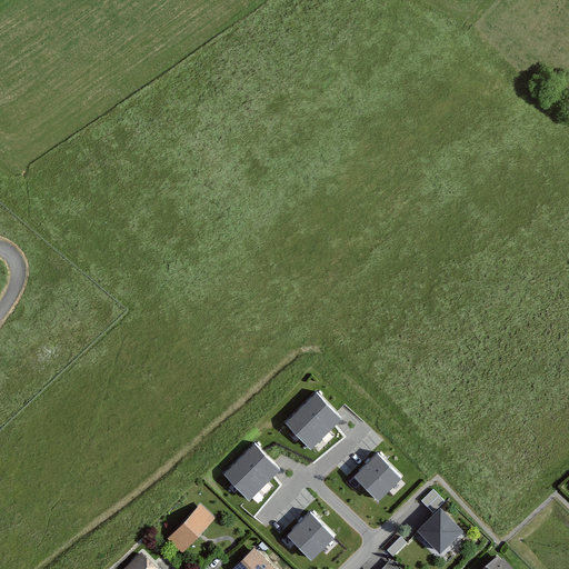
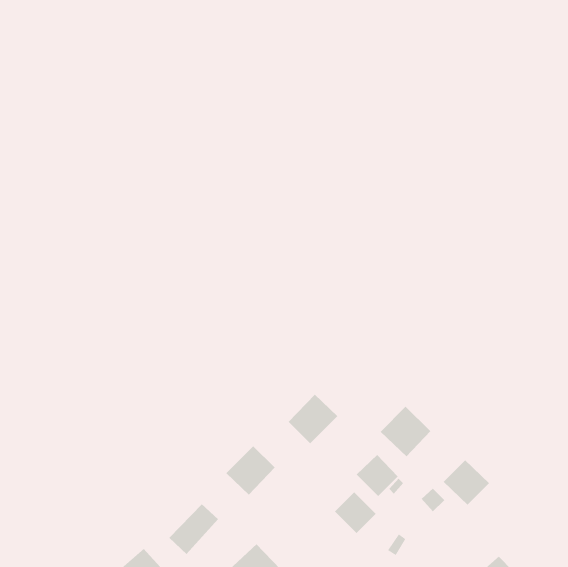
building: none -> [380,406,431,457]
building: [419,509,466,555] -> [443,460,490,505]
building: [288,515,330,557] -> [334,491,376,534]

